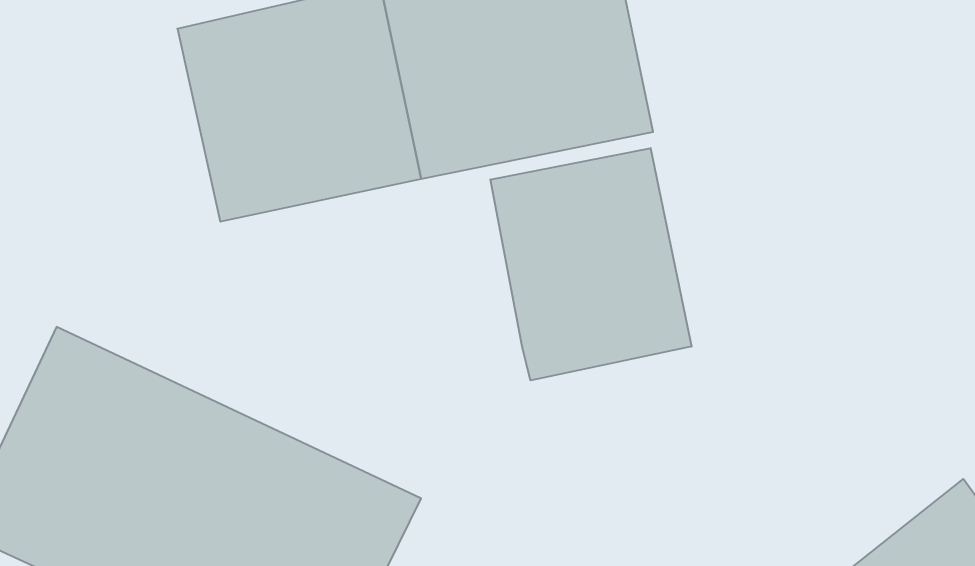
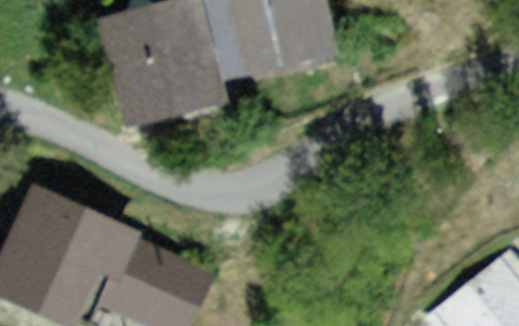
building: [490,148,692,380] -> none

